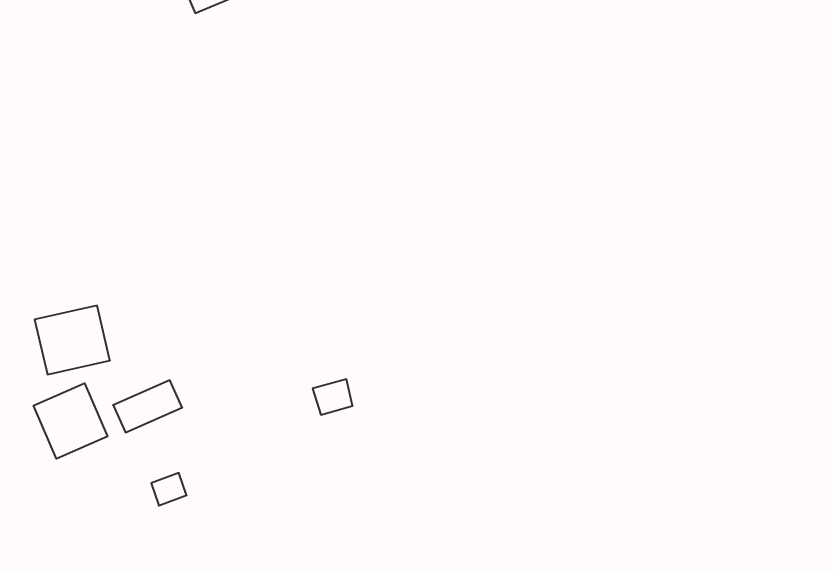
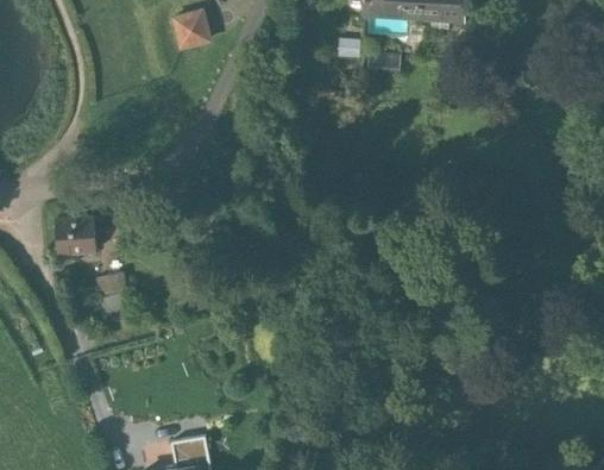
building: [34,383,107,459] -> none

